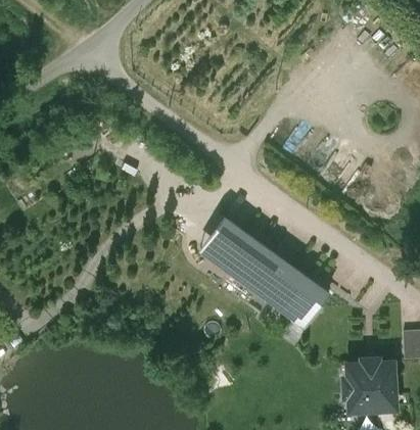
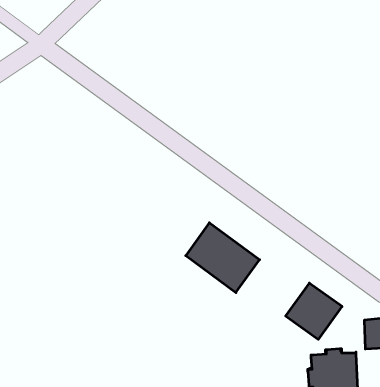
building: [200,217,246,266] -> none
building: [273,270,329,326] -> [286,283,342,339]

